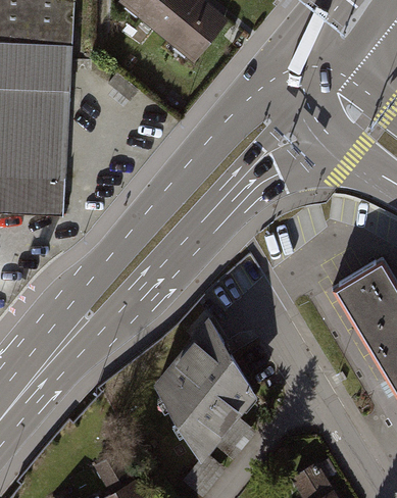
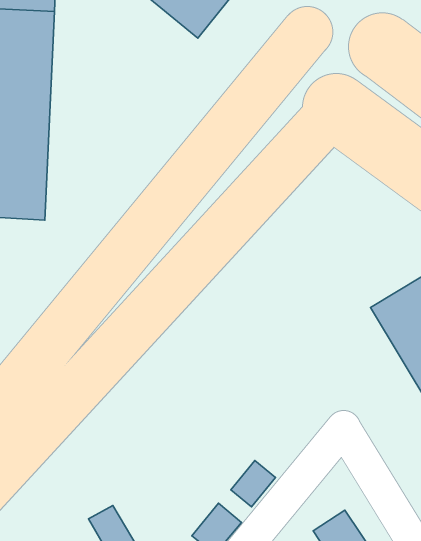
building: [149,321,253,465] -> none

